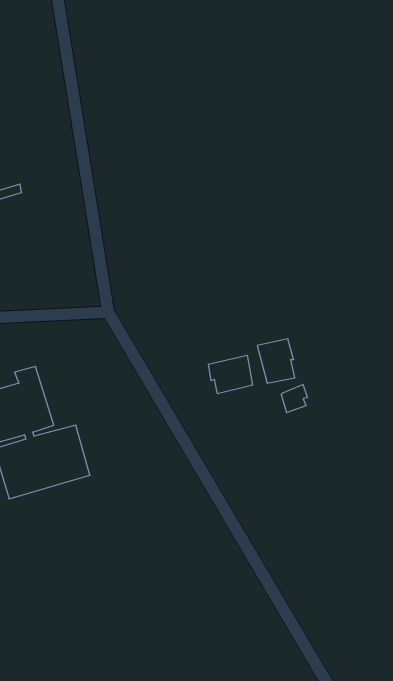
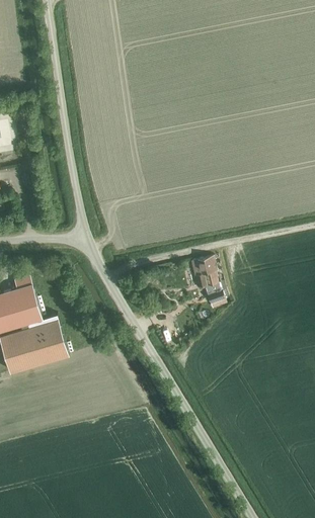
building: [209,355,252,394] -> none

